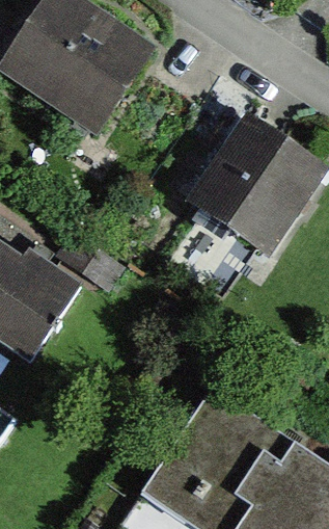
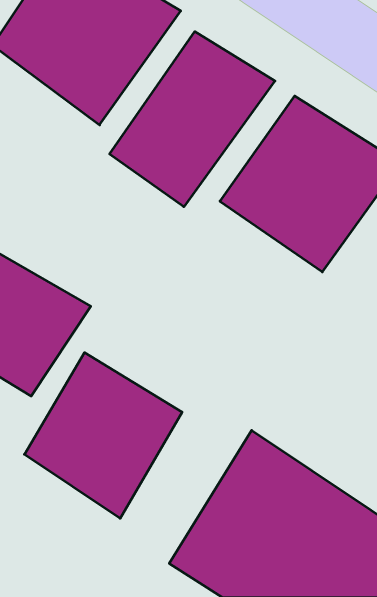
building: none -> [110,32,275,207]
building: none -> [24,353,182,518]

